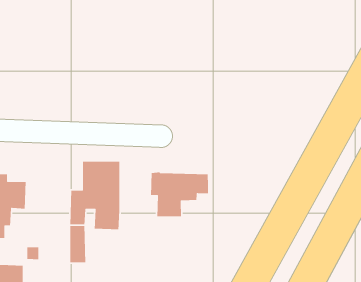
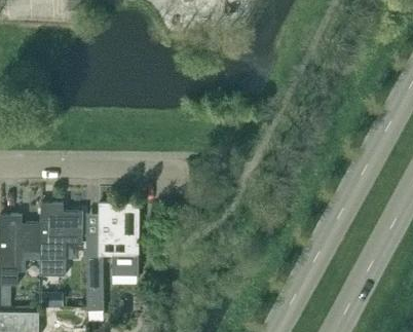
building: none -> [39,202,82,275]
building: [150,172,209,217] -> none

